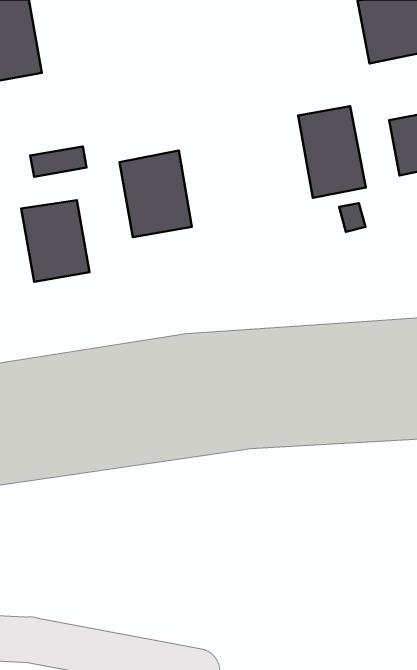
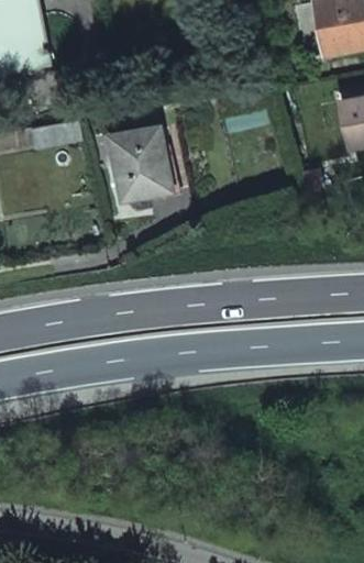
building: [298,106,366,198] -> none
building: [21,200,89,282] -> none

